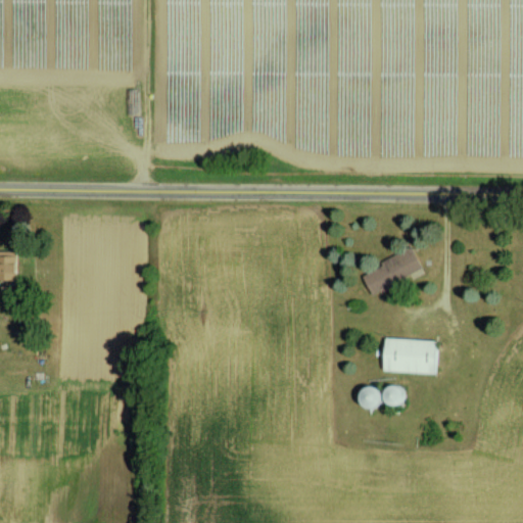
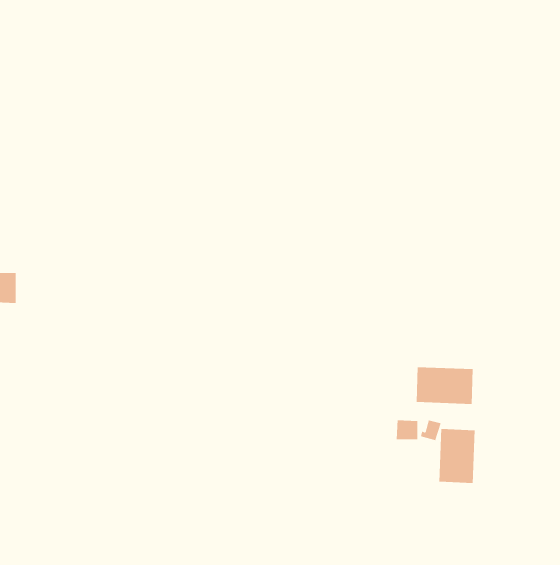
building: [360,249,421,295] -> none
building: none -> [439,428,475,484]

